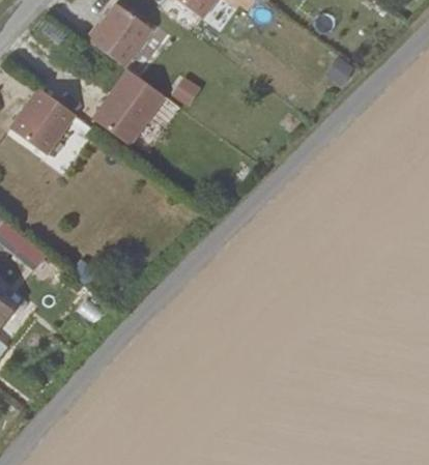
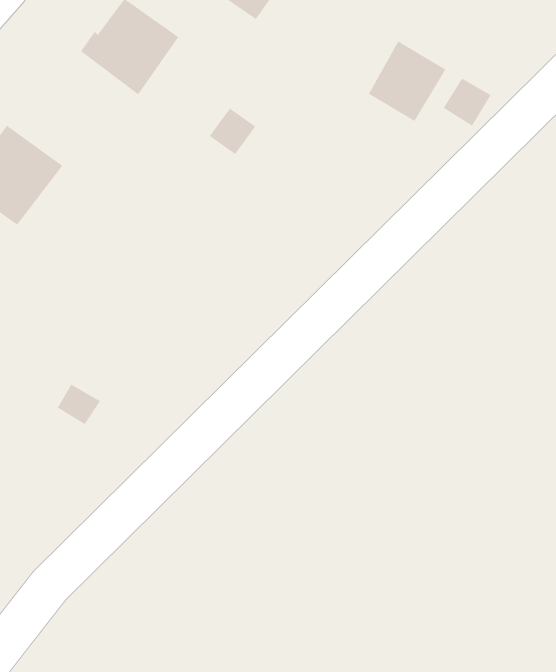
building: none -> [368,40,446,122]
building: [93,69,166,145] -> none

